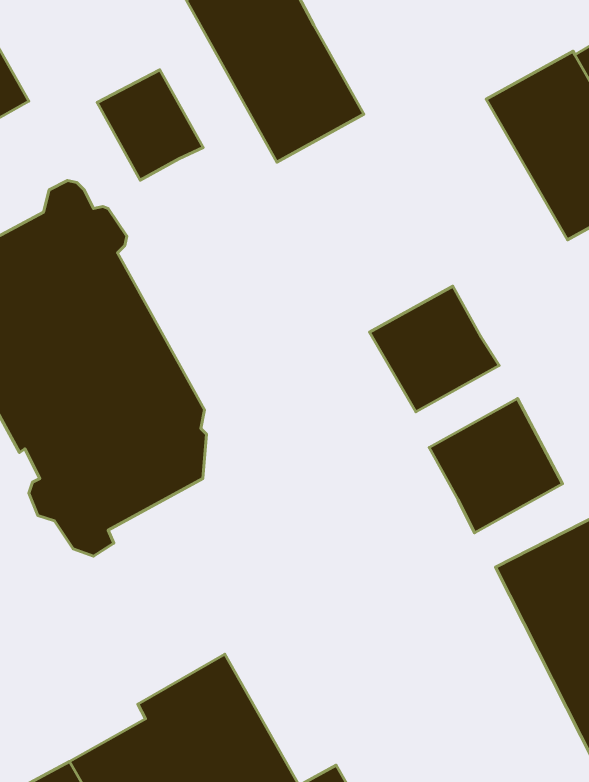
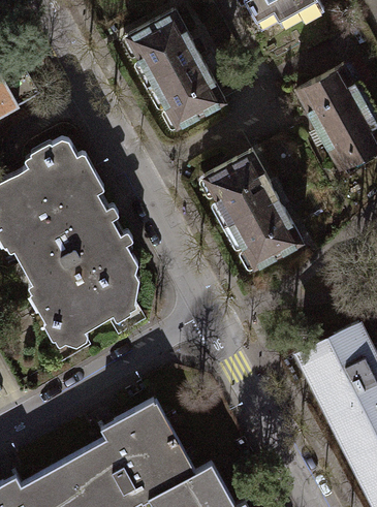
building: [97,70,203,180] -> none
building: none -> [201,154,274,224]
building: [429,398,563,533] -> none

